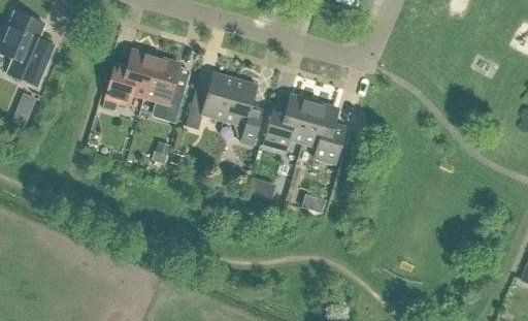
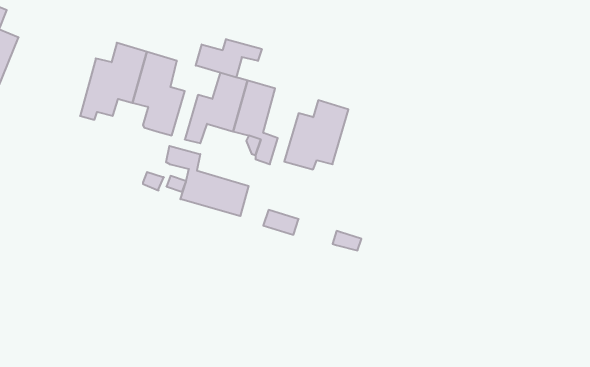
building: none -> [196,39,262,77]
building: [302,100,345,162] -> none
building: none -> [166,146,249,216]

